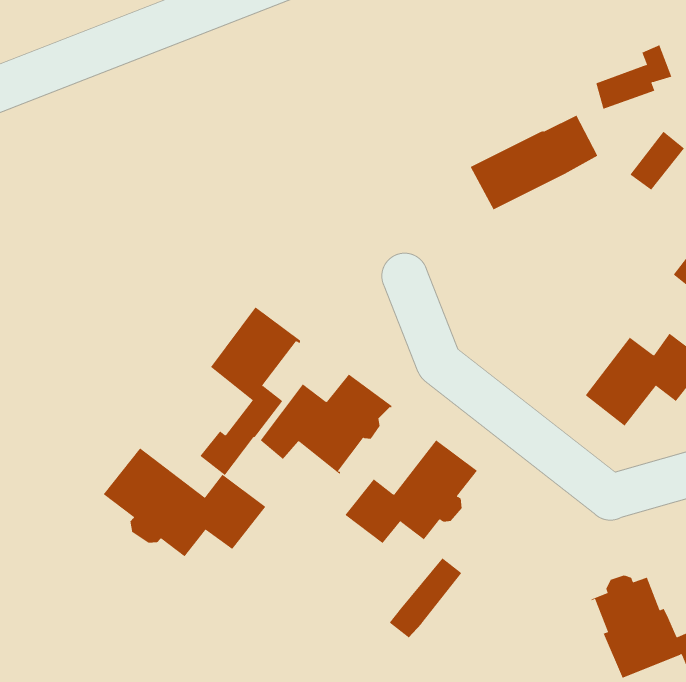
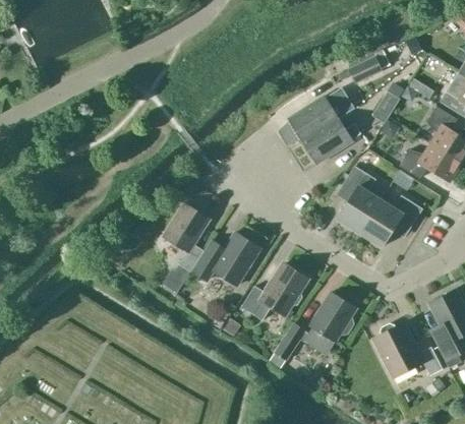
building: none -> [302,118,360,163]
building: none -> [337,166,380,232]
building: [103,448,266,557] -> none
building: none -> [301,292,355,355]

